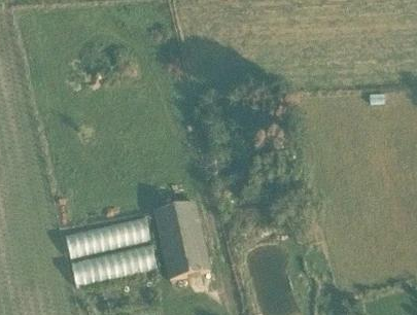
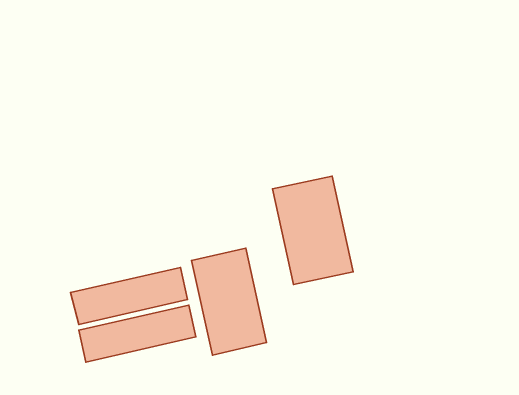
building: none -> [272,176,353,285]

